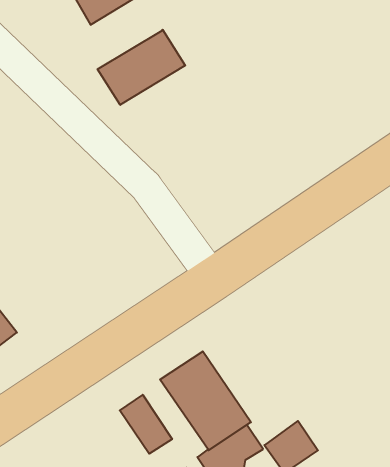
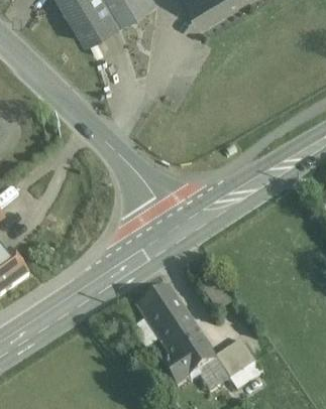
building: [98,30,185,105] -> none
building: [120,395,172,454] -> none

